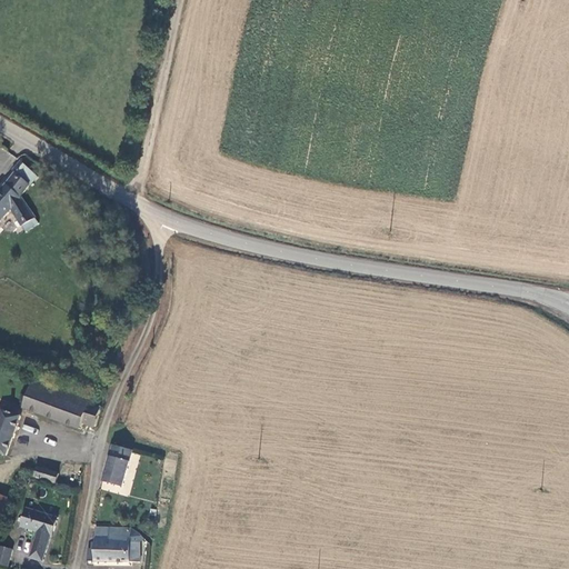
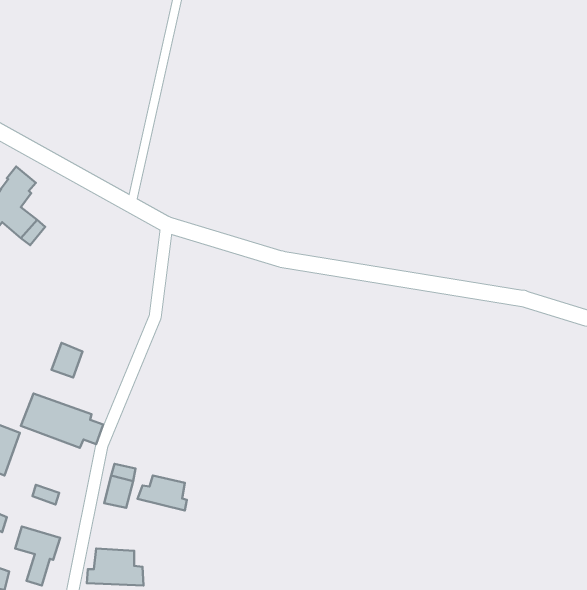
building: none -> [51,343,82,378]
building: none -> [138,475,187,510]

